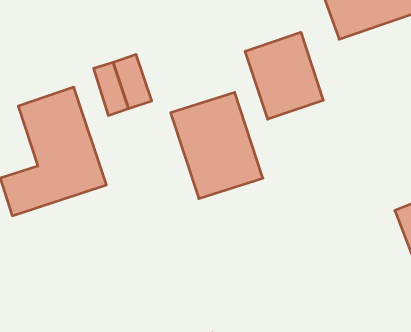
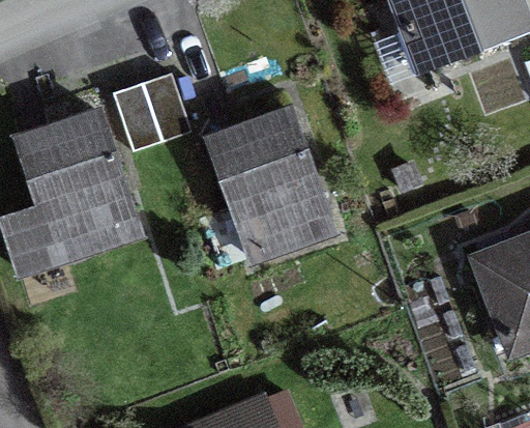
building: [245,32,323,119] -> none

